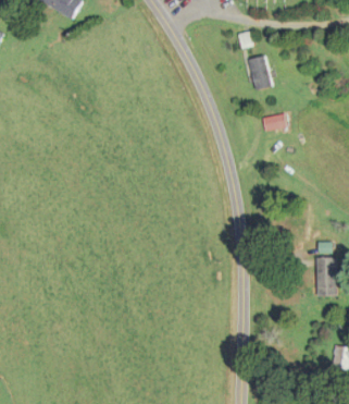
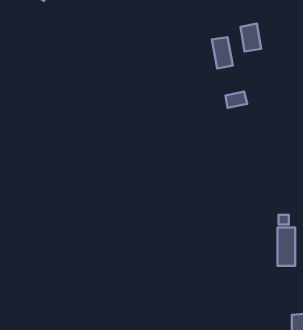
building: none -> [240,23,261,52]

